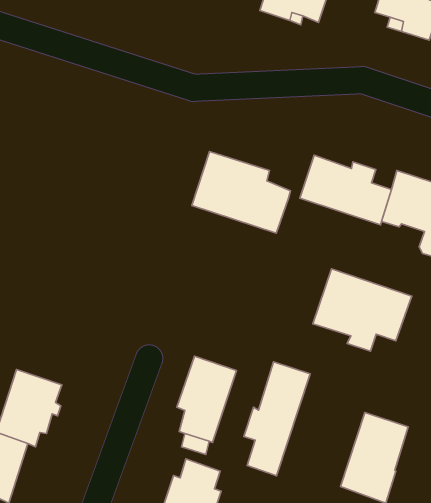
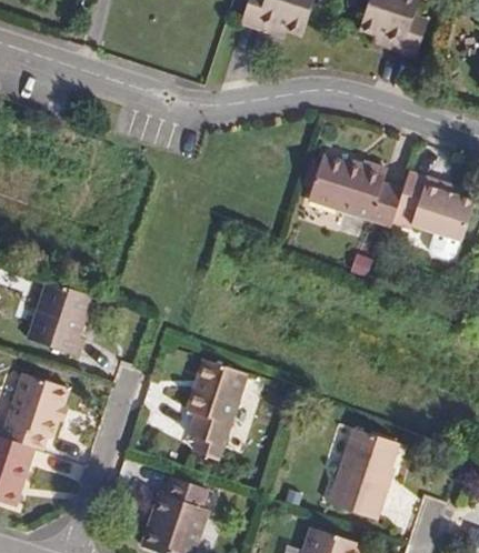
building: [192,151,290,233] -> none
building: [313,269,412,351] -> none
building: none -> [21,281,86,356]
building: [244,362,310,476] -> none

